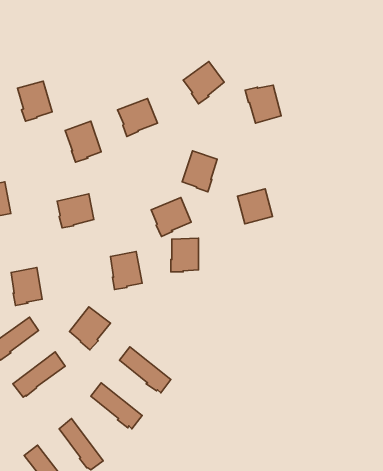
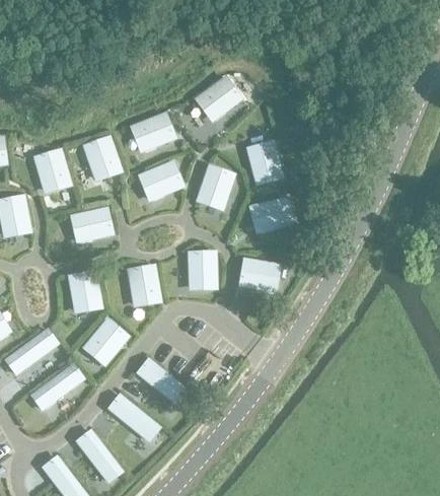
building: [17,81,52,121] -> [34,149,69,189]
building: [245,85,281,123] -> [246,146,282,184]
building: [151,198,191,237] -> [143,161,182,200]
building: none -> [238,260,273,291]
building: [11,267,42,305] -> [69,271,99,308]

